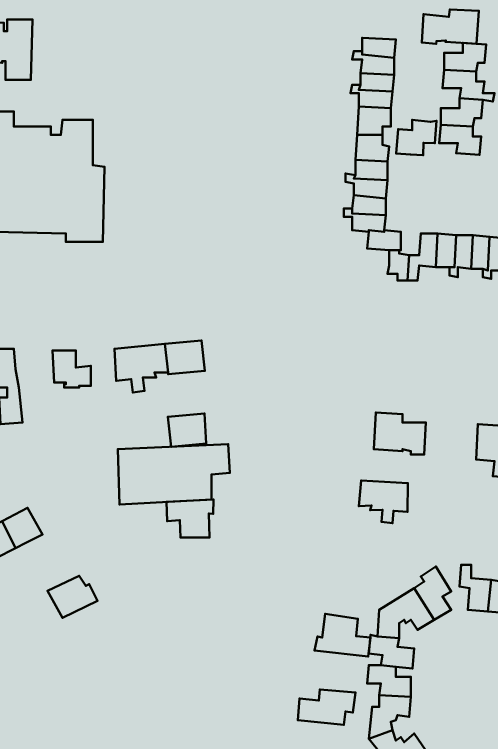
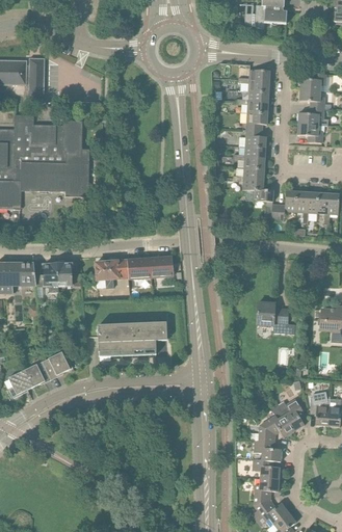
building: [422,9,479,44] -> none
building: [396,120,436,155] -> none
building: none -> [34,263,58,291]
building: [168,413,206,447] -> [150,255,174,275]
building: [359,480,408,523] -> none
building: [166,500,213,538] -> none
building: [47,576,98,618] -> [42,351,73,377]
building: [315,614,370,656] -> none
building: [298,690,356,725] -> none

